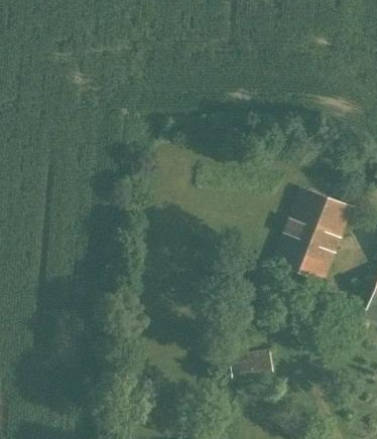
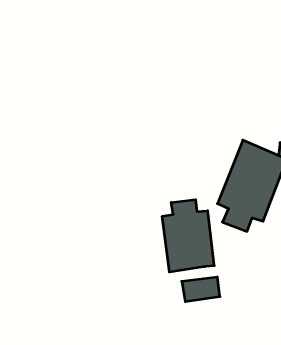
building: none -> [162,200,214,272]

